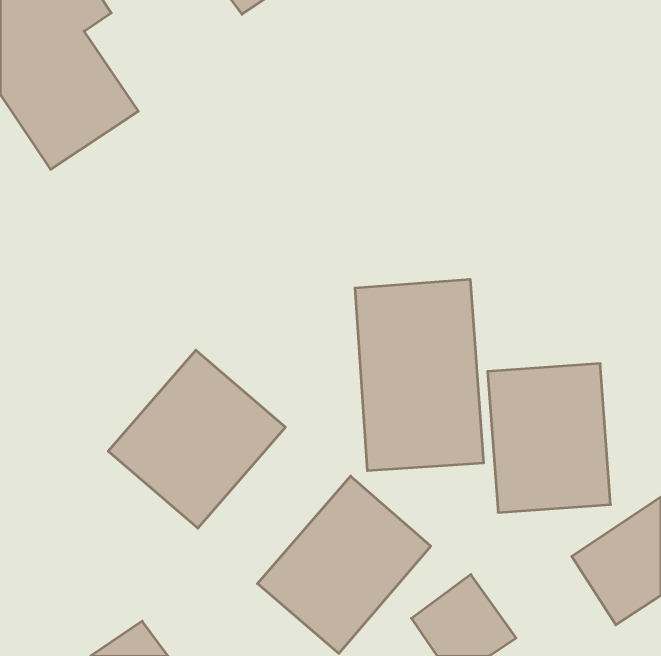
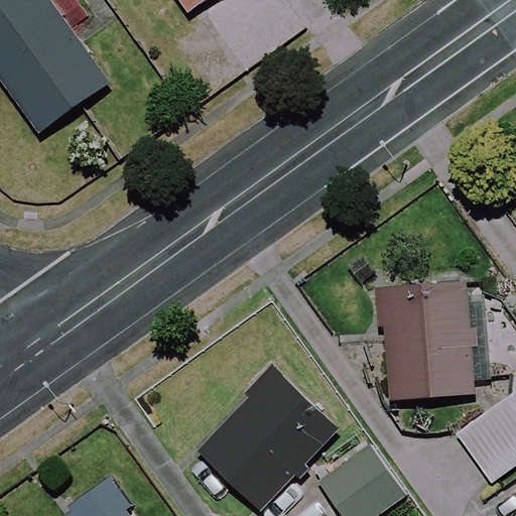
building: [355,279,484,471] -> none
building: [108,350,285,528] -> none

